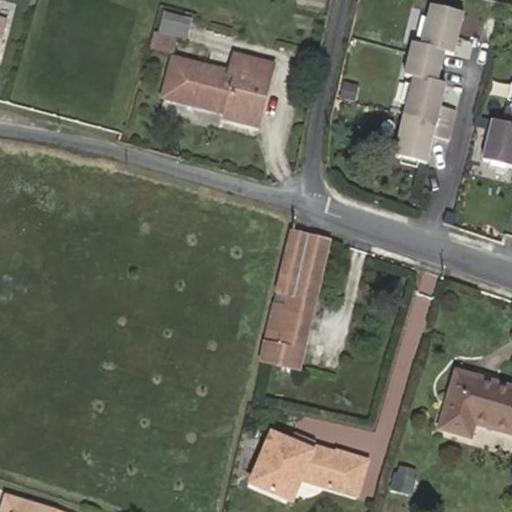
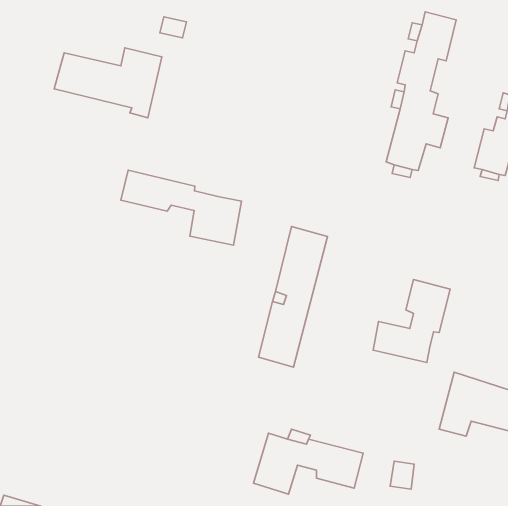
building: [167,55,275,125] -> [54,48,162,118]
building: none -> [121,170,241,245]
building: none -> [373,280,450,362]

